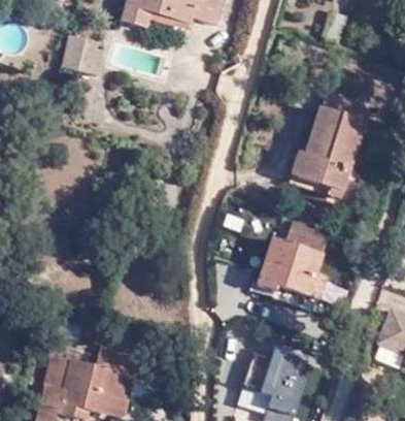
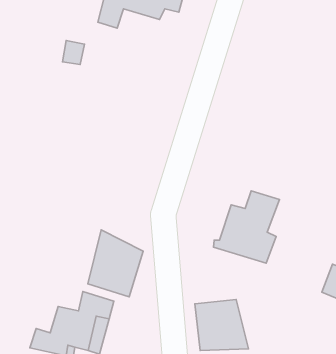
building: [300,91,372,205] -> none
building: none -> [88,230,143,297]

